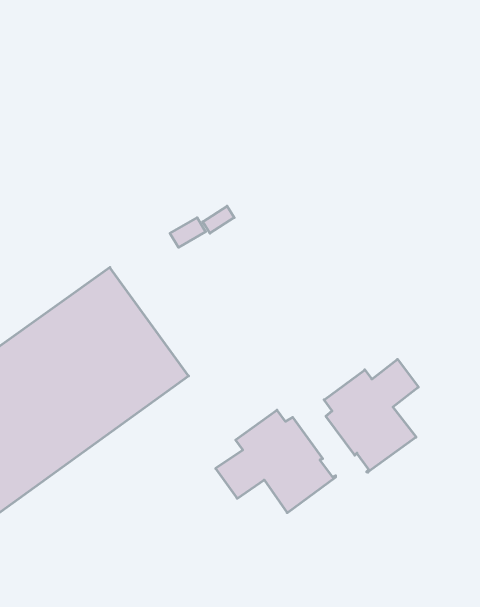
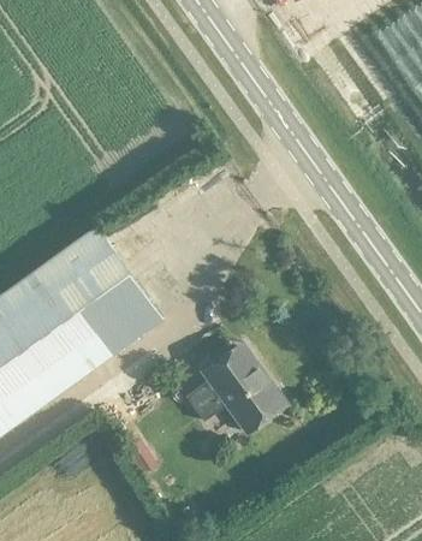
building: [324,359,418,472] -> none

